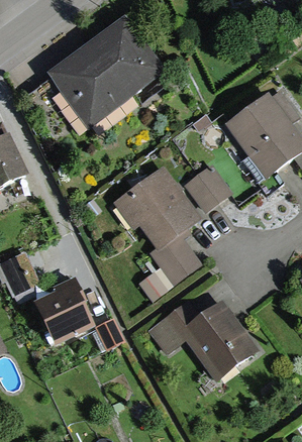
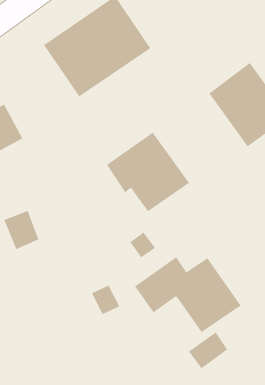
building: [184,167,231,213] -> none
building: [150,230,202,287] -> none
building: [37,275,92,328] -> none
building: none -> [188,332,228,369]

